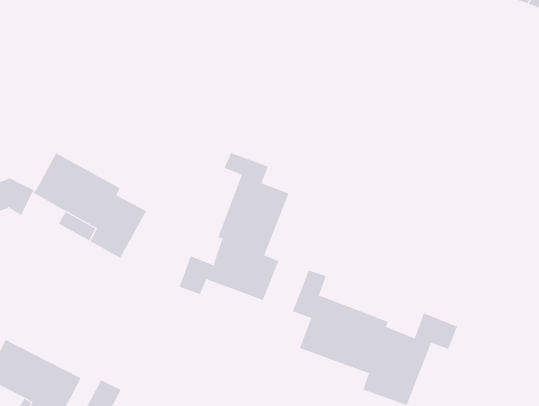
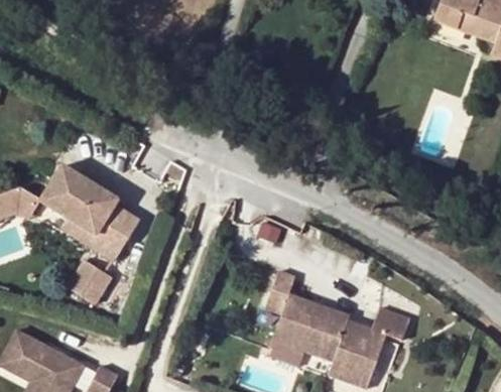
building: [179,152,289,301] -> none
building: none -> [69,258,114,303]

